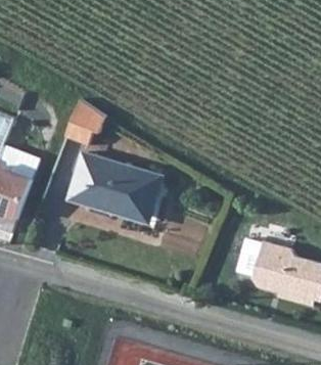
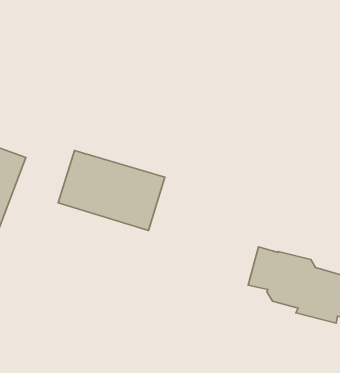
building: [65,98,105,145] -> none

